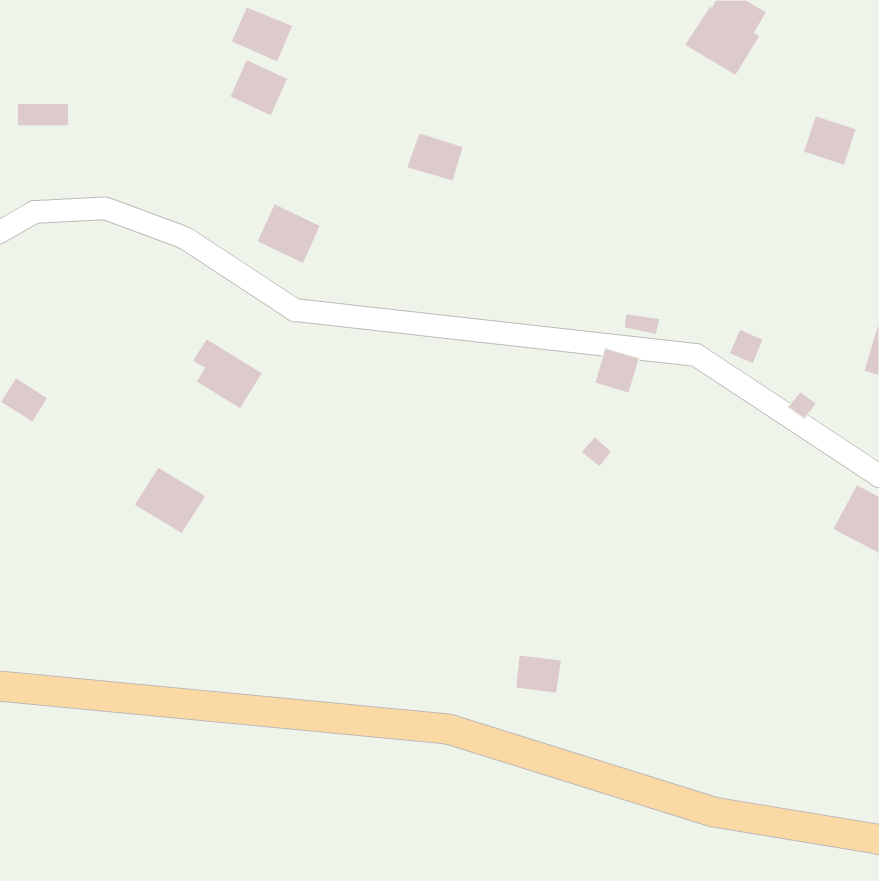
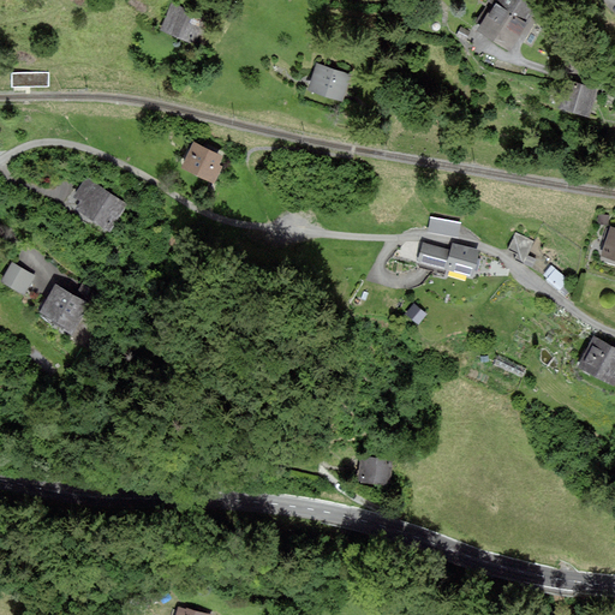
building: [230,59,288,116] -> none
building: [407,133,464,181] -> [309,65,348,98]
building: [192,339,263,409] -> [76,179,125,228]
building: none -> [443,243,478,277]
building: [134,467,206,534] -> [38,285,89,332]

